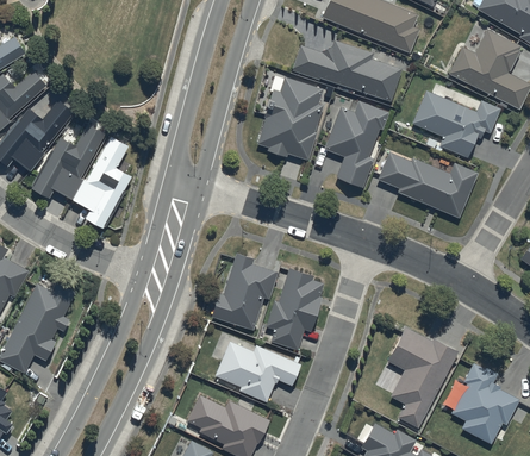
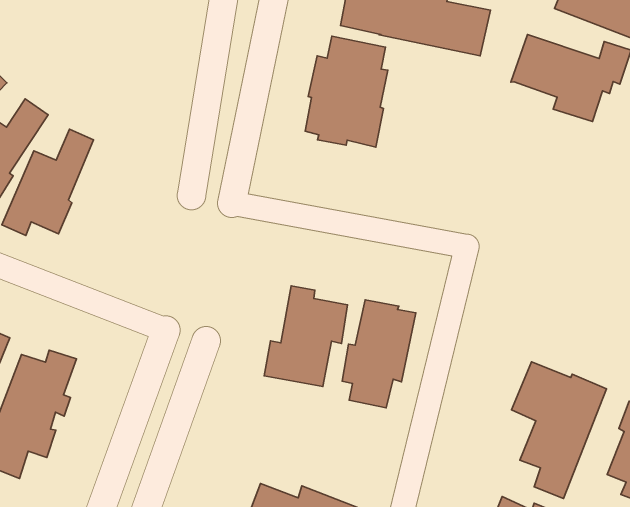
building: [324,101,389,189] -> none
building: [74,138,132,229] -> none
building: [378,151,478,218] -> none
building: [214,343,300,402] -> none

